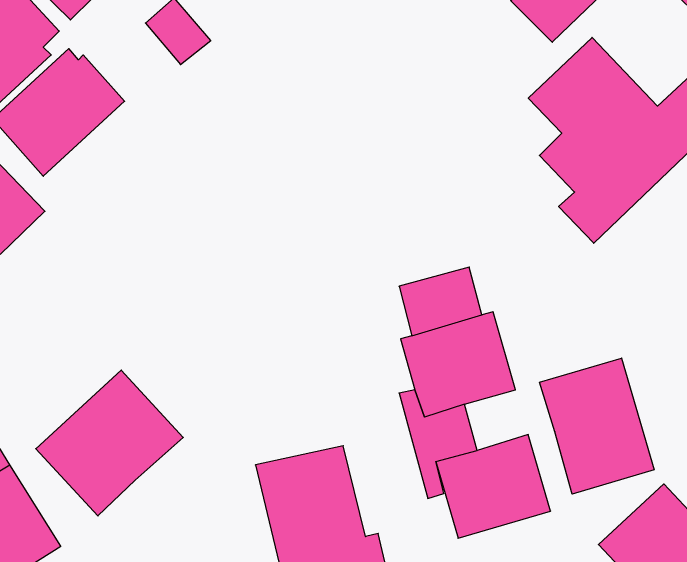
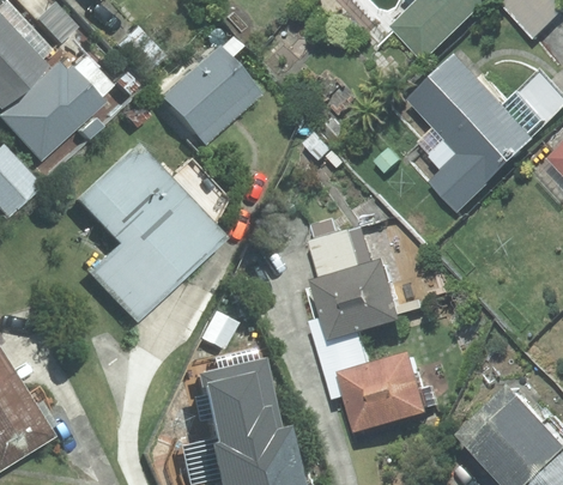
building: none -> [163,37,262,144]
building: none -> [79,143,228,320]
building: [539,358,654,494] -> none
building: [36,370,183,516] -> none

